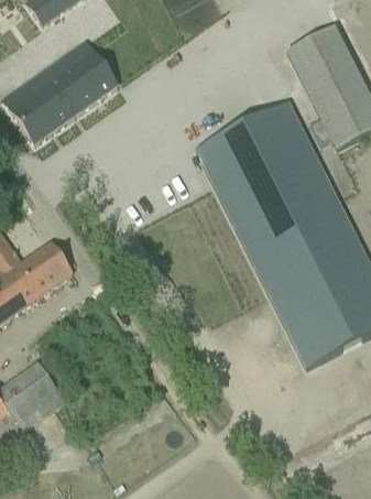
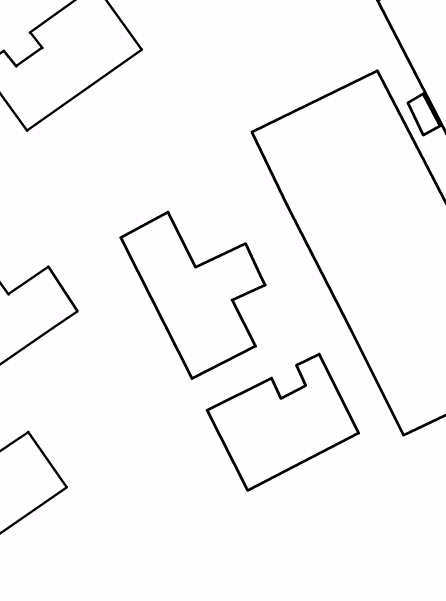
building: none -> [121,212,265,379]
building: none -> [207,354,359,490]

